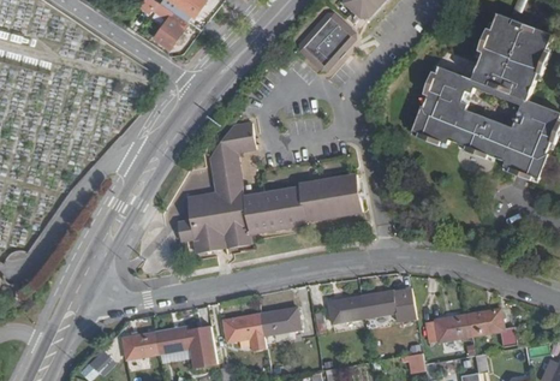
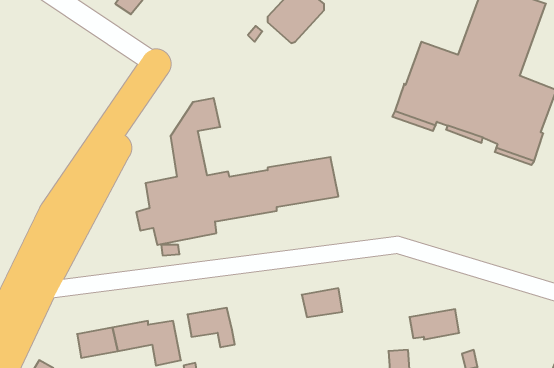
building: [361,288,416,320] -> none
building: [258,306,299,334] -> none
building: [467,309,517,350] -> none

